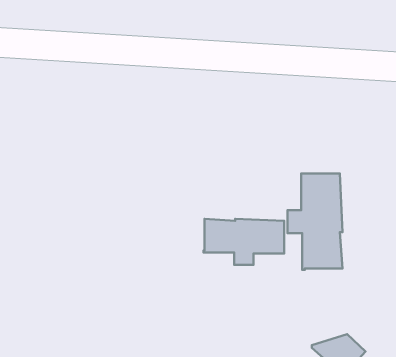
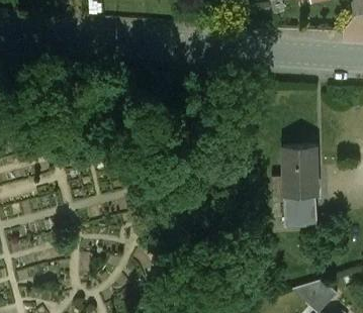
building: [203,219,284,265] -> none

